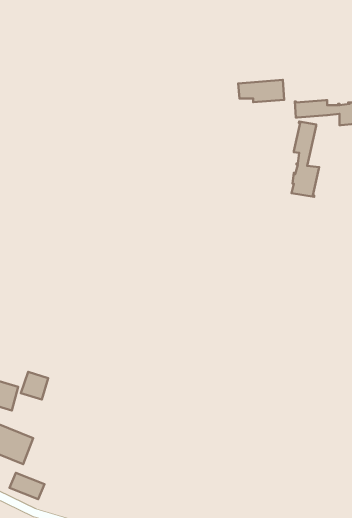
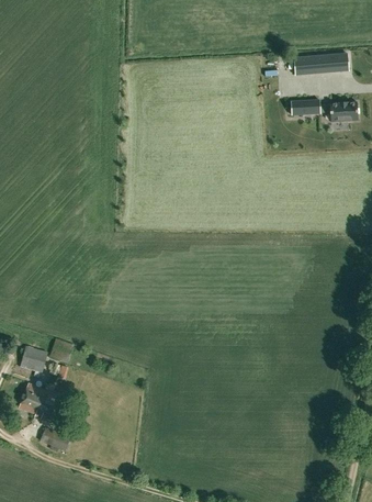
building: [238,80,284,102] -> [295,54,336,74]
building: [291,122,319,197] -> none

